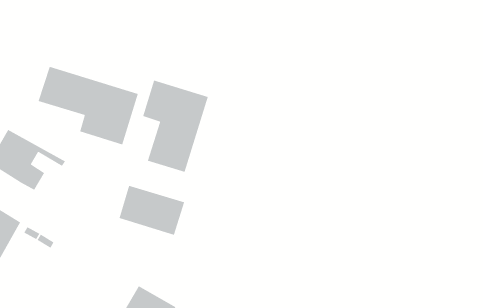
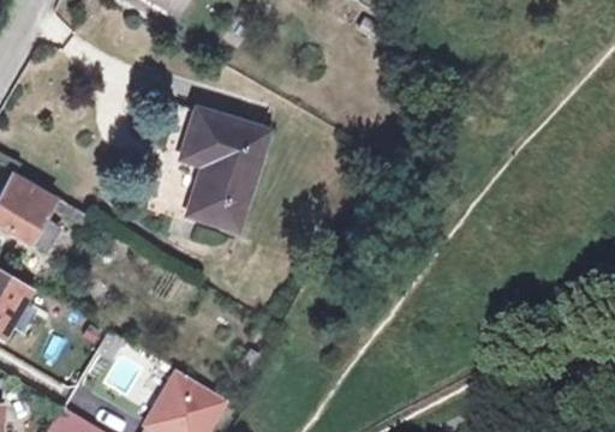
building: [38,66,139,146] -> none
building: [118,185,185,236] -> none

